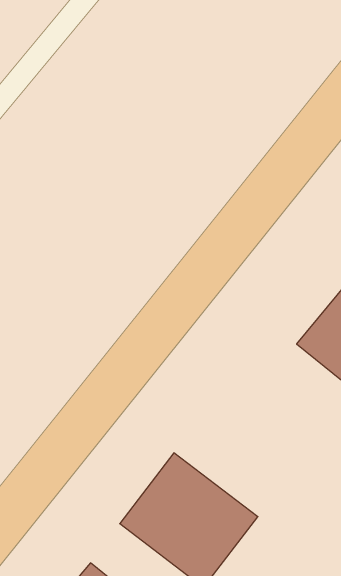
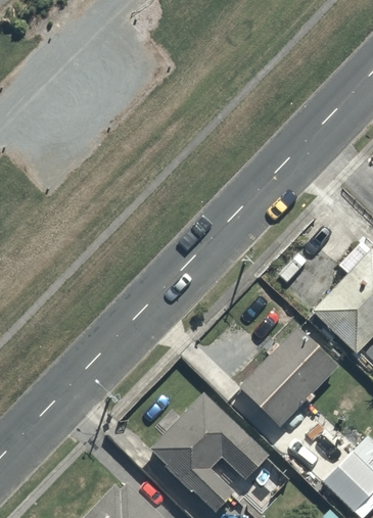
building: none -> [227,338,322,431]

